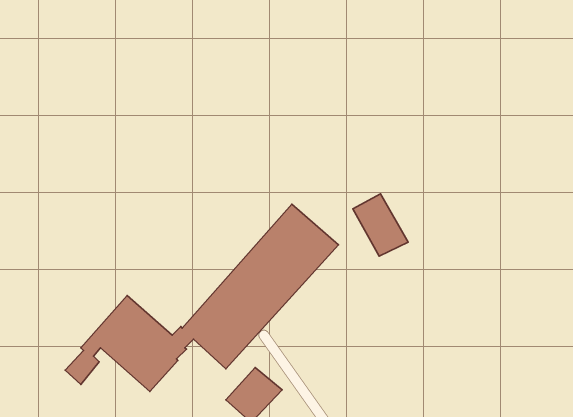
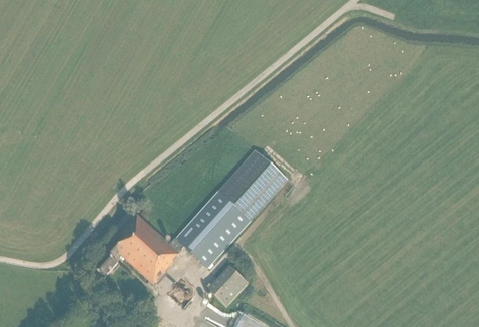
building: [353,194,408,256] -> none

